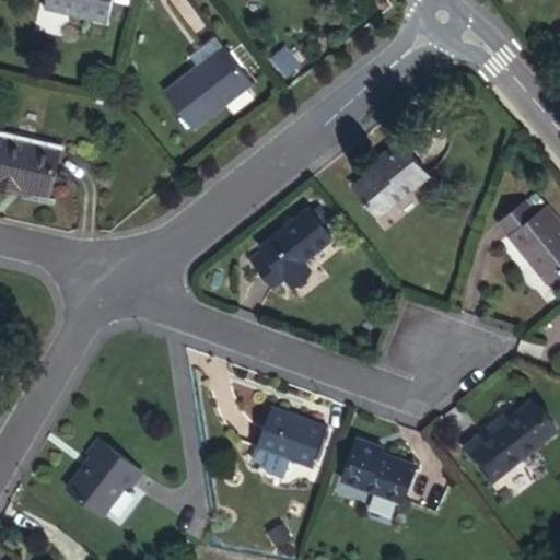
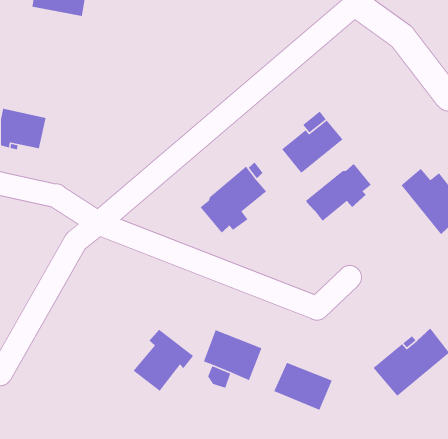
building: [160,28,250,122] -> none
building: none -> [305,163,372,222]
building: [68,436,144,515] -> [133,329,194,392]

